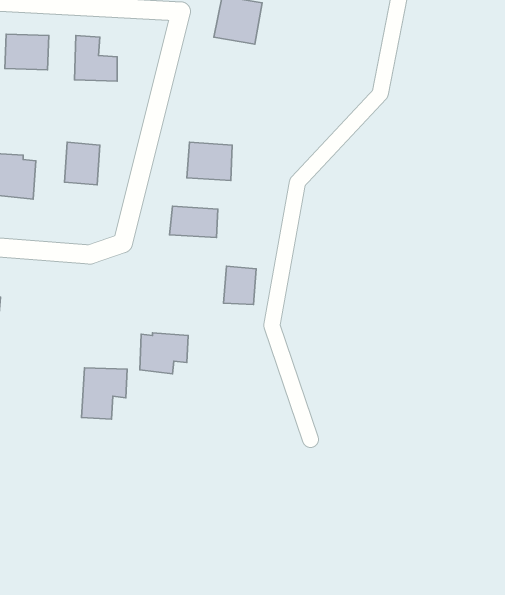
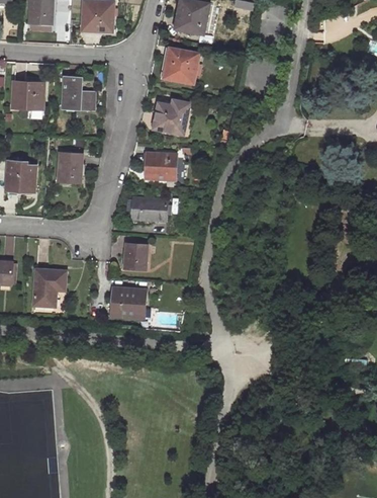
building: none -> [157,102,188,134]
building: [224,266,256,304] -> [122,243,146,270]
building: [82,368,127,419] -> [33,270,66,307]

